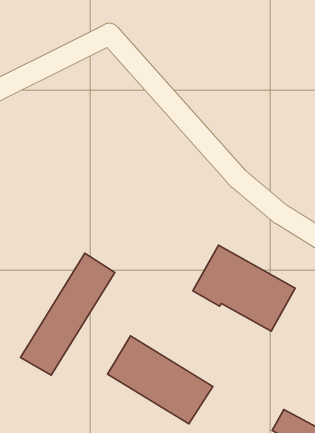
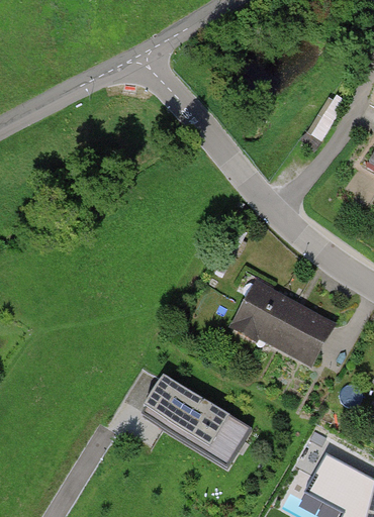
building: [21,253,115,375] -> none

